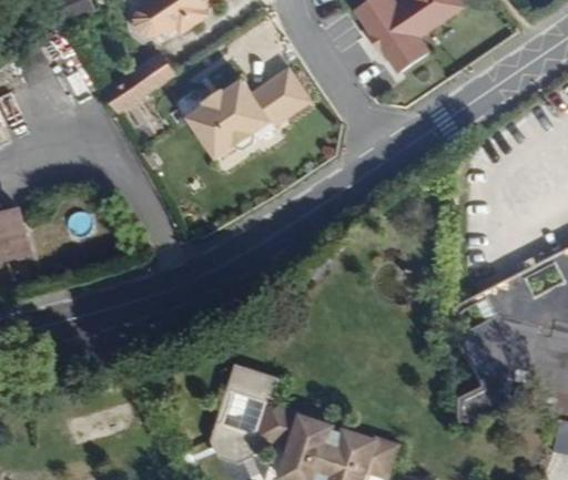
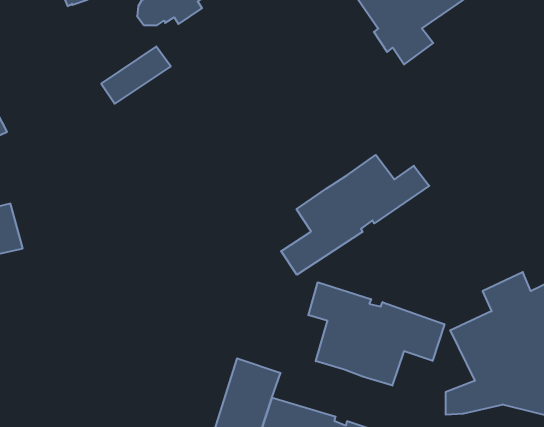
building: [187,70,307,157] -> none
building: none -> [281,155,429,275]
building: none -> [308,282,444,386]

